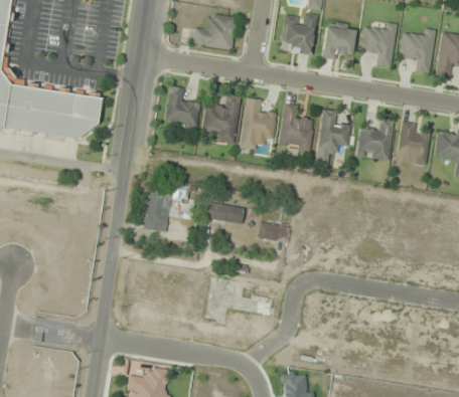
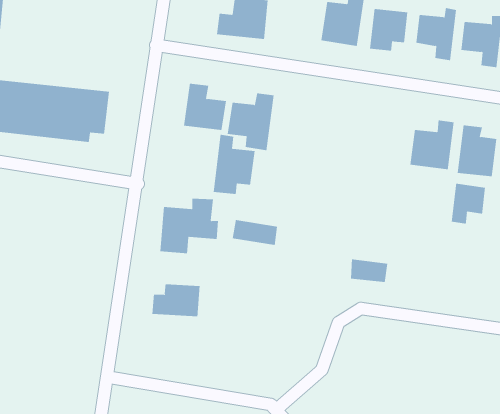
building: [240,97,276,149] -> [213,134,255,195]
building: [277,104,313,152] -> none
building: [317,110,349,152] -> none
building: none -> [451,183,485,224]
building: [259,222,291,242] -> [350,259,388,282]
building: none -> [152,283,200,317]

